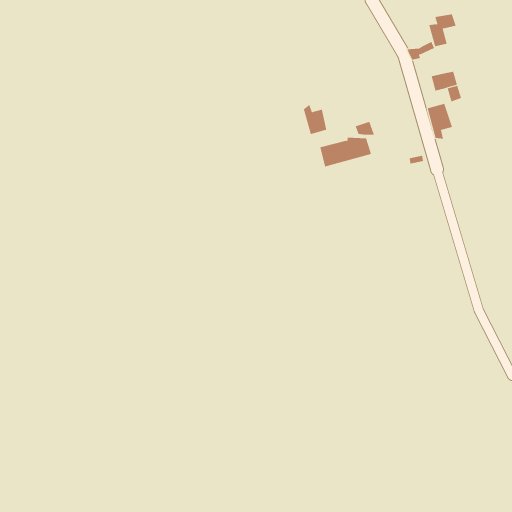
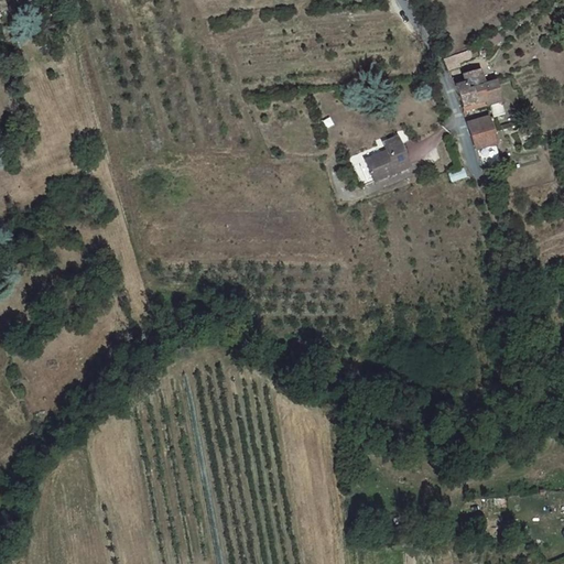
building: [428,14,456,47] -> [457,67,488,104]
building: [303,104,327,135] -> none

